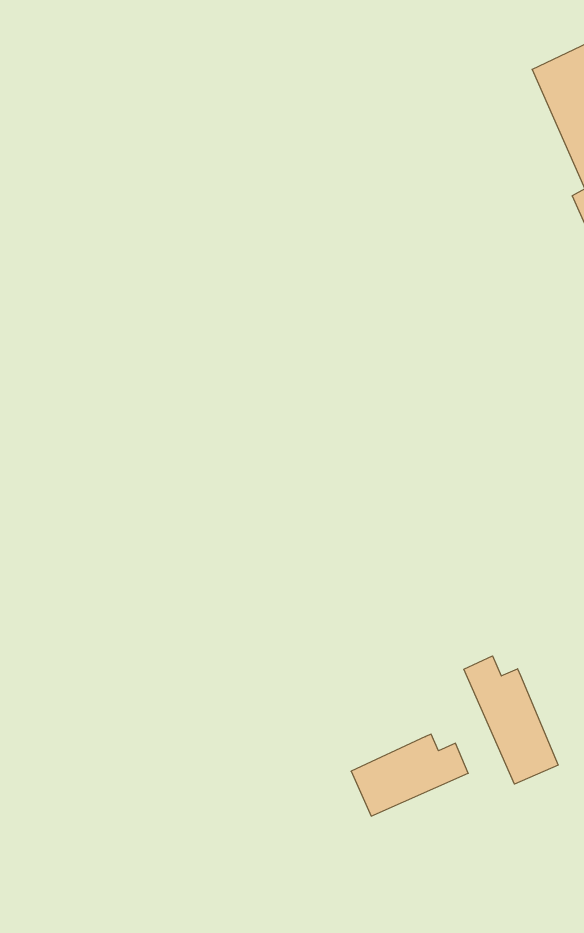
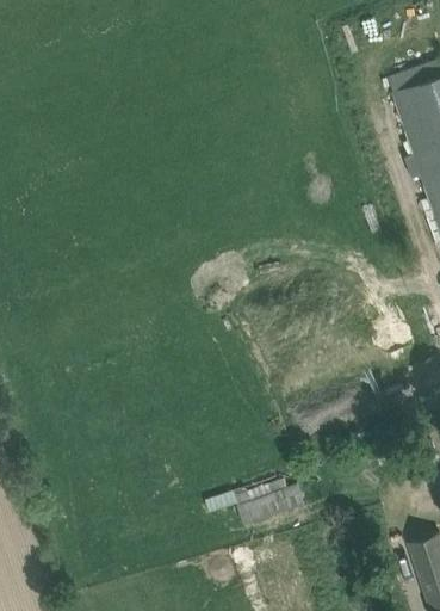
building: [464,656,558,784] -> none

